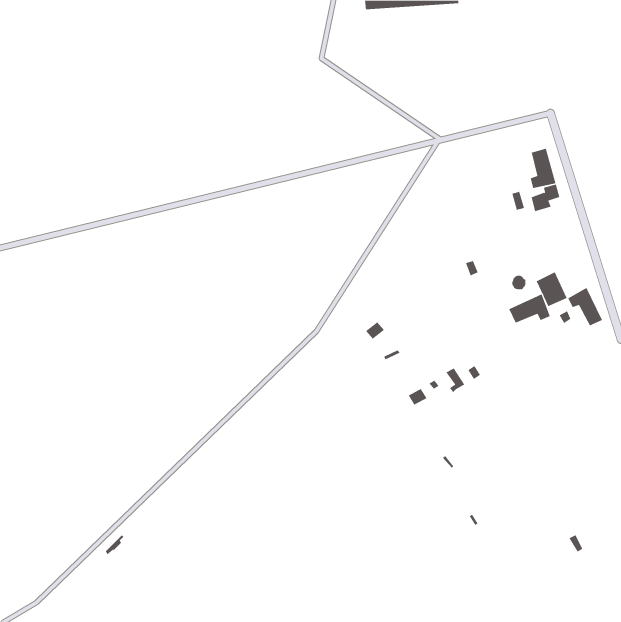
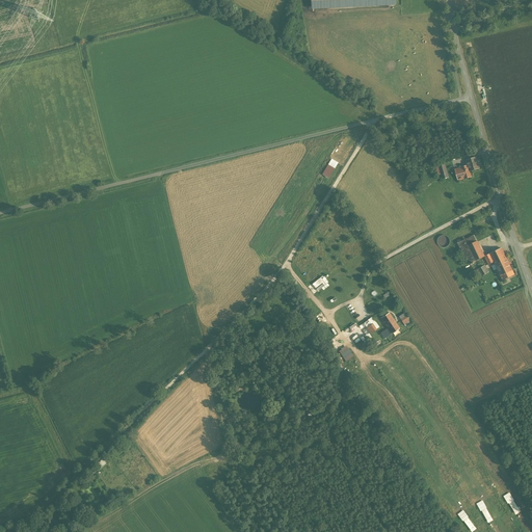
building: [530,148,556,189] -> none
building: [509,294,551,323] -> none

